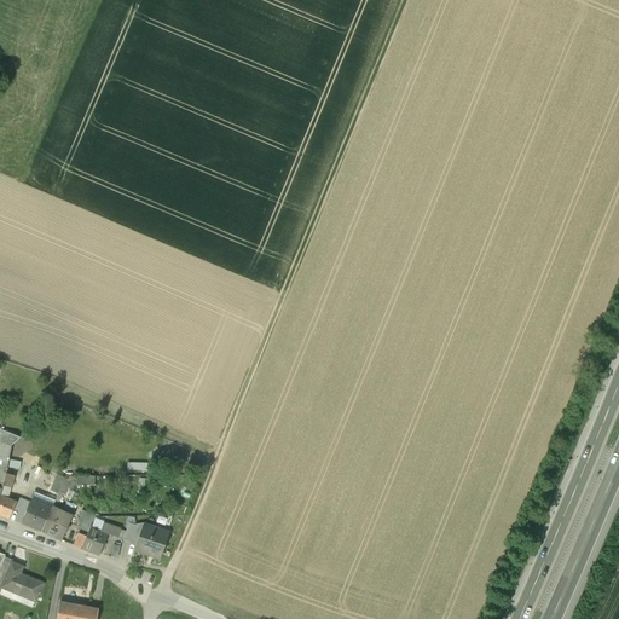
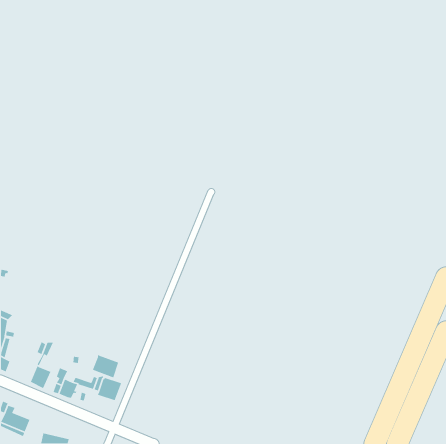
building: none -> [92,353,119,378]
building: [22,499,51,530] -> none

